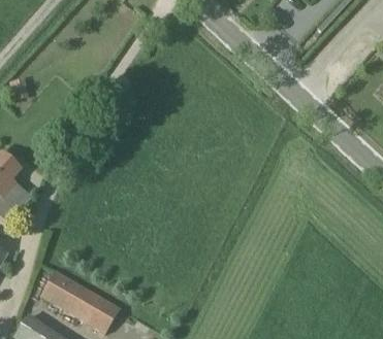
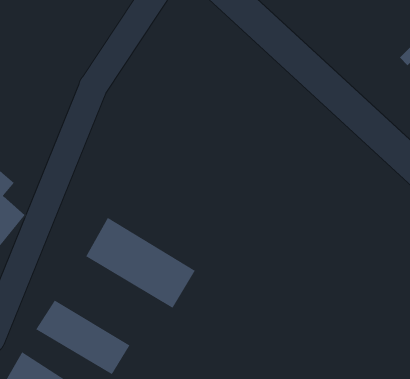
building: none -> [85,217,196,309]

